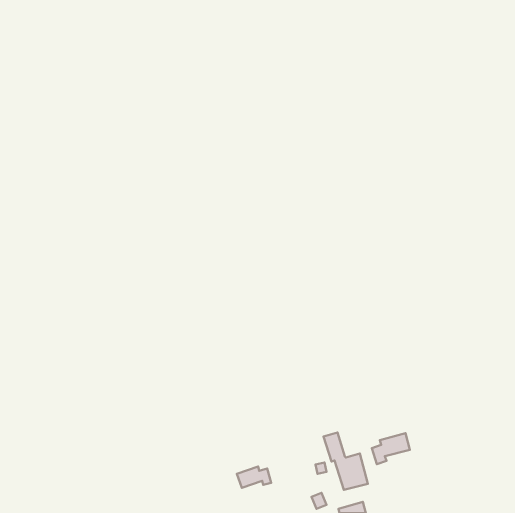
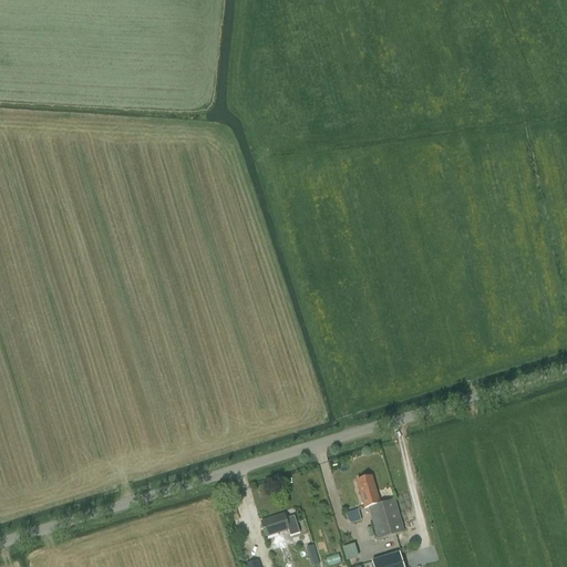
building: [372,433,410,464] -> none

